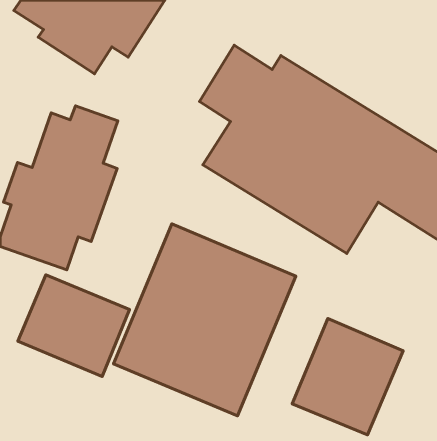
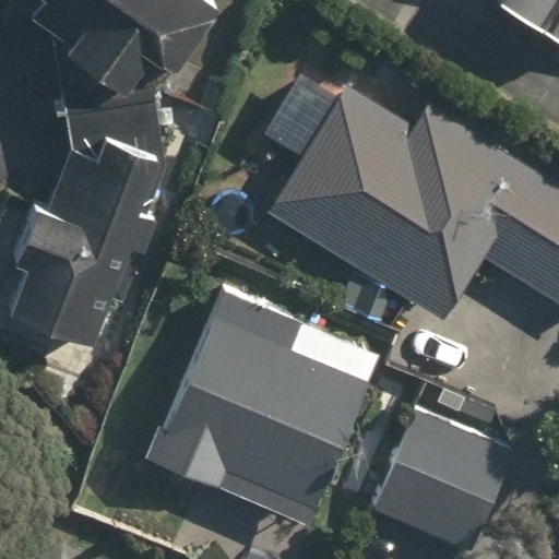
building: [18,275,130,377] -> none

